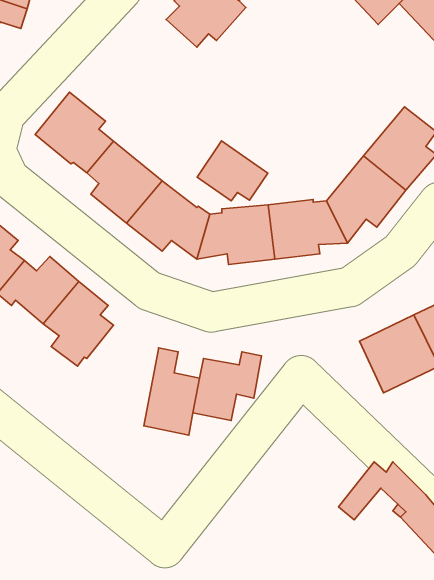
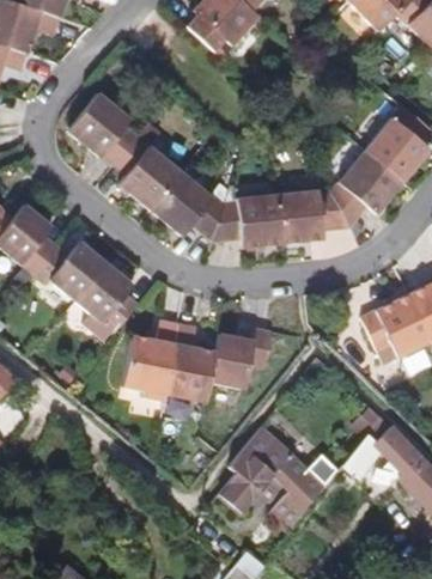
building: [197,141,268,201] -> none
building: none -> [123,319,180,400]
building: none -> [225,416,334,524]

